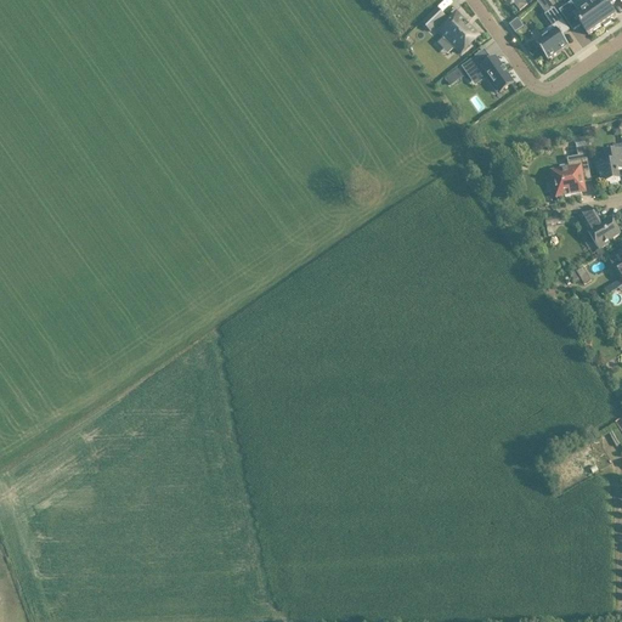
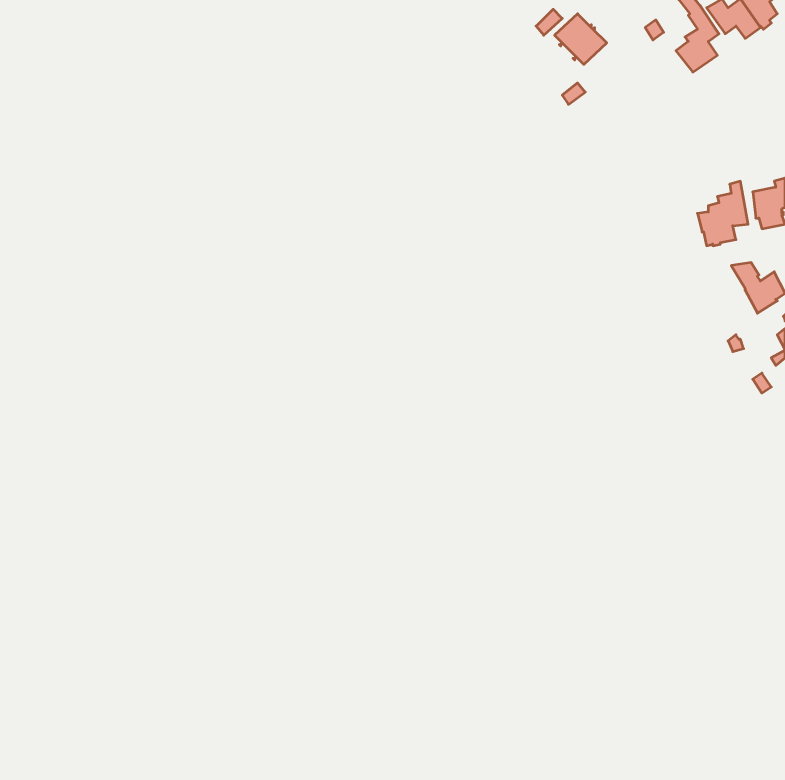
building: [460,55,514,91] -> none

